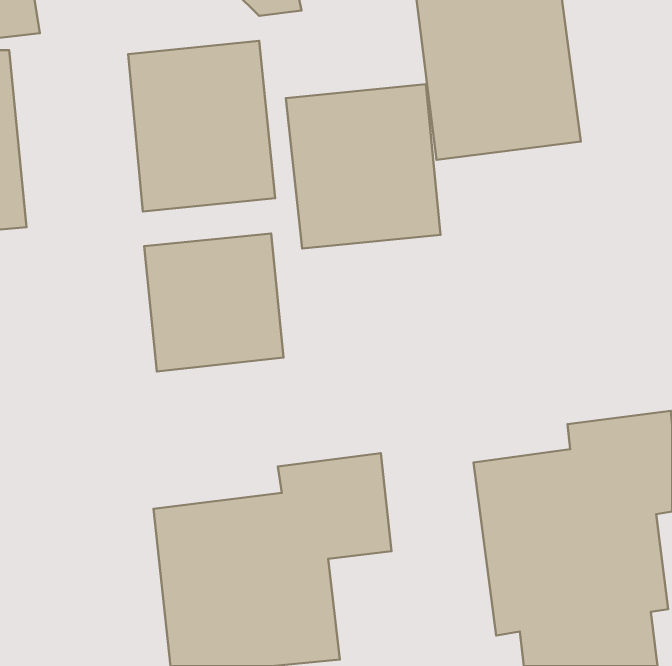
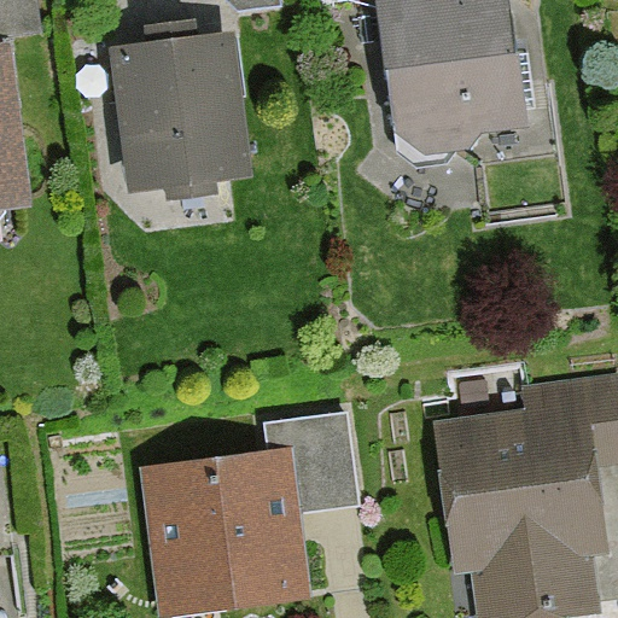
building: [286,84,441,248] -> none
building: [144,234,283,371] -> none

